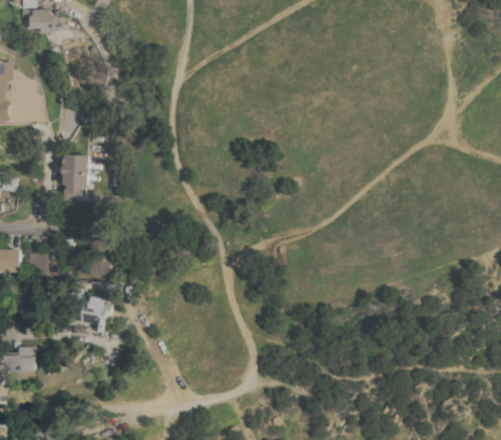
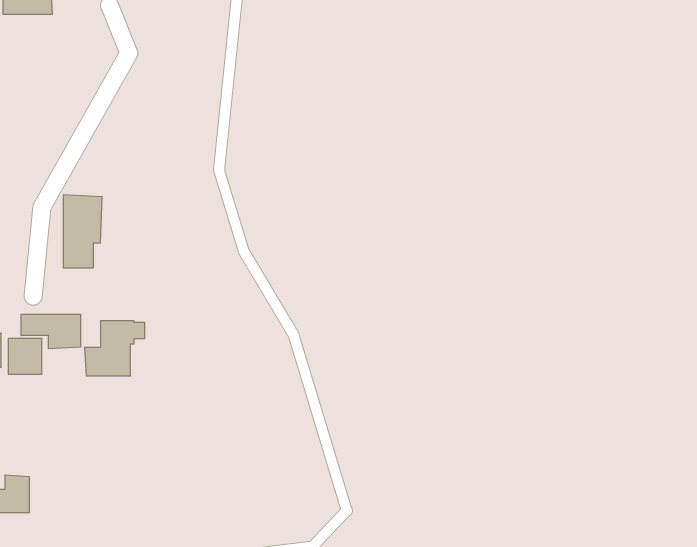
building: none -> [21,314,80,349]
building: [81,302,113,331] -> none

